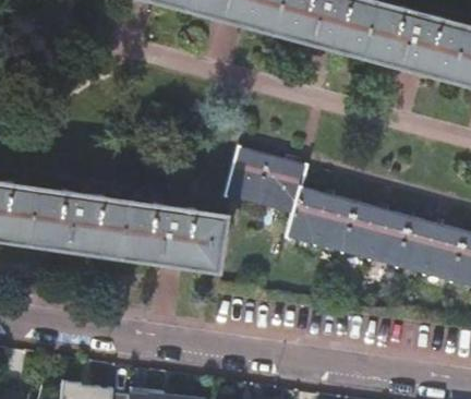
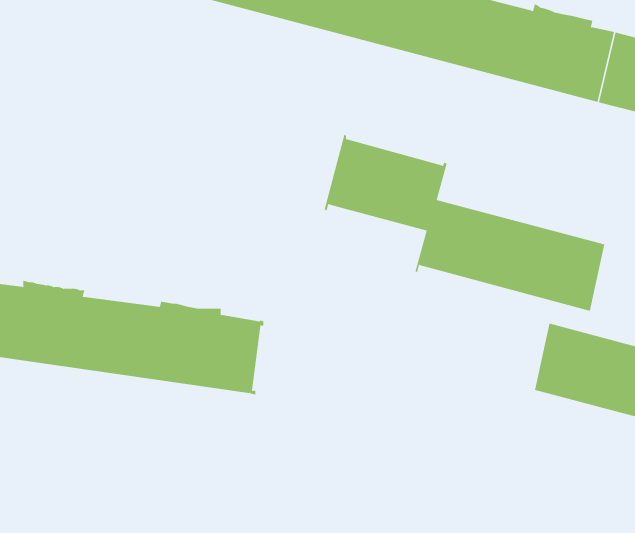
building: [226,144,412,262] -> [324,134,605,311]

